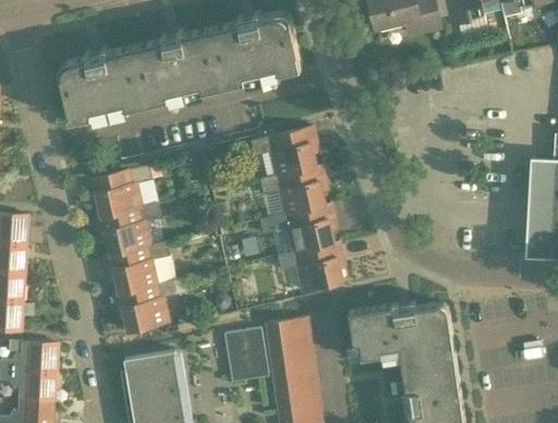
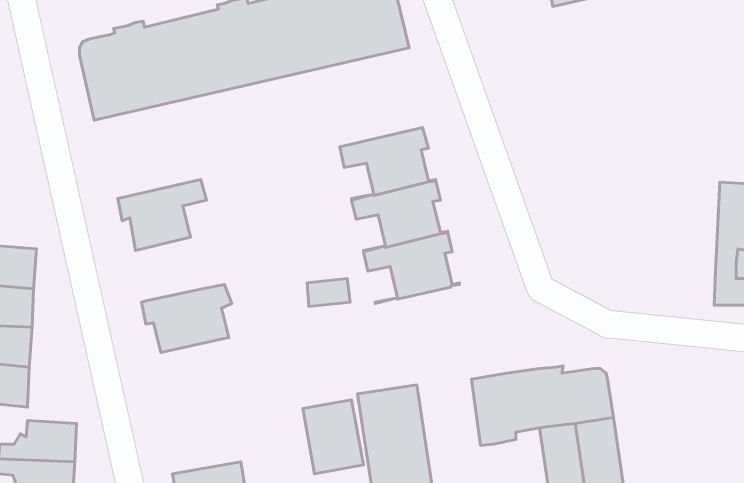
building: [96,204,161,254] -> none
building: [277,242,342,291] -> none
building: [113,278,185,333] -> none
building: [124,353,178,382] -> none

